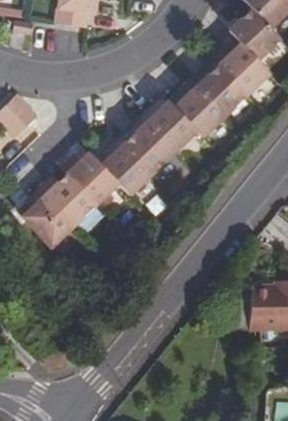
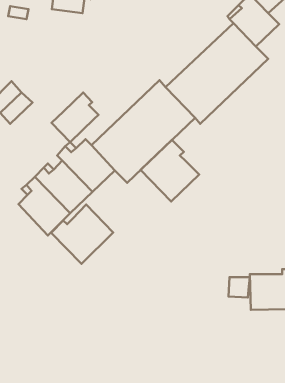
building: none -> [51,92,99,142]
building: none -> [140,140,199,201]
building: none -> [51,205,113,264]

